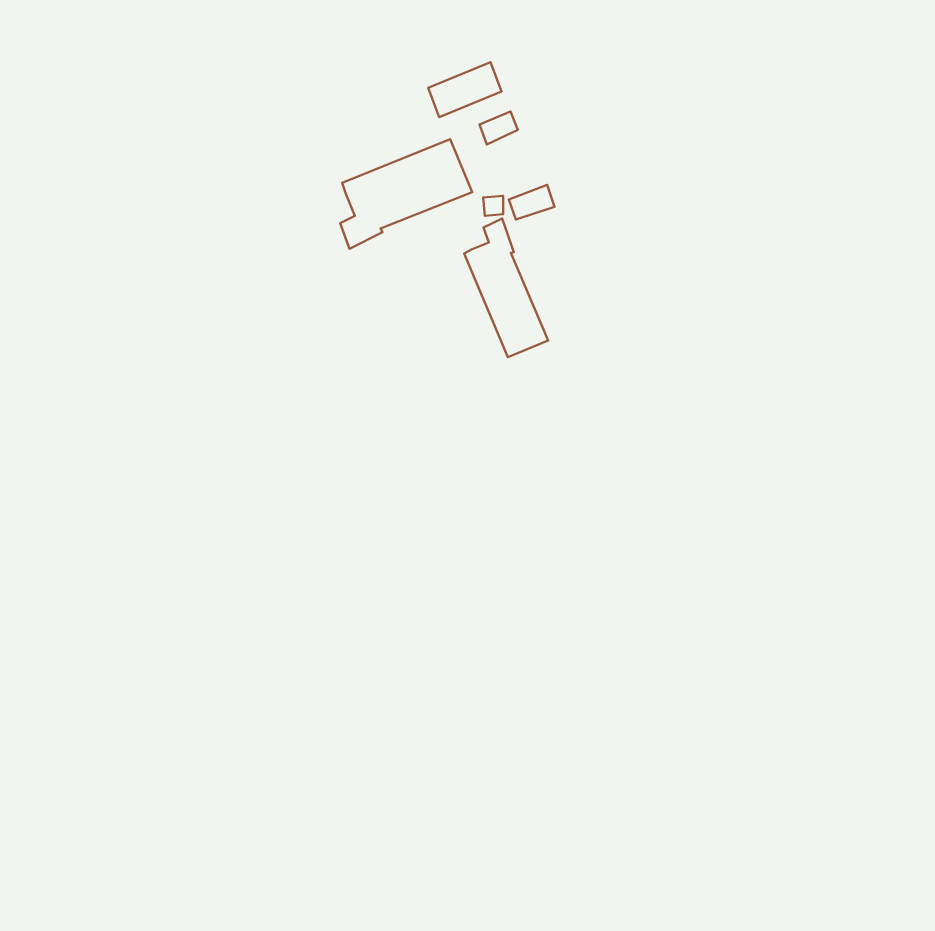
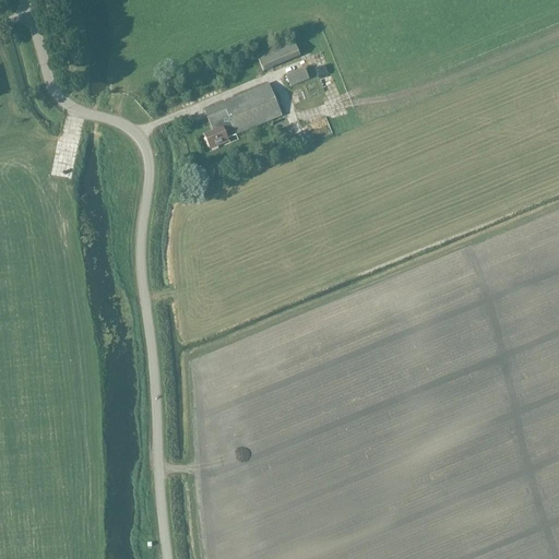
building: [464,218,548,357] -> none

